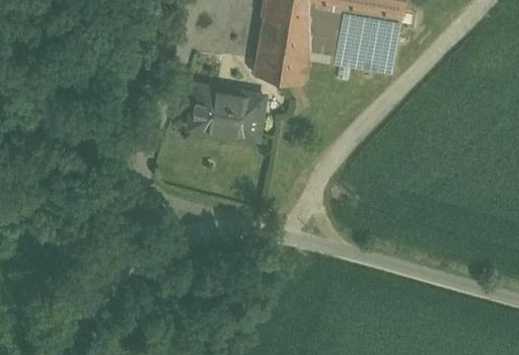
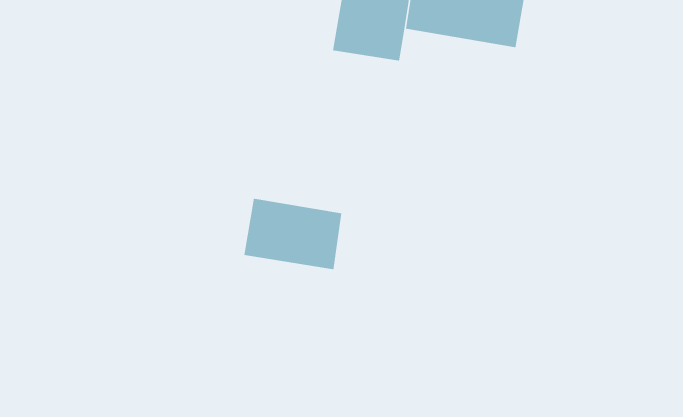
building: [190,84,264,138] -> [244,198,342,270]

